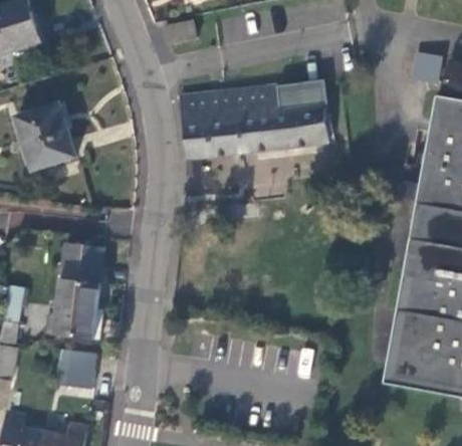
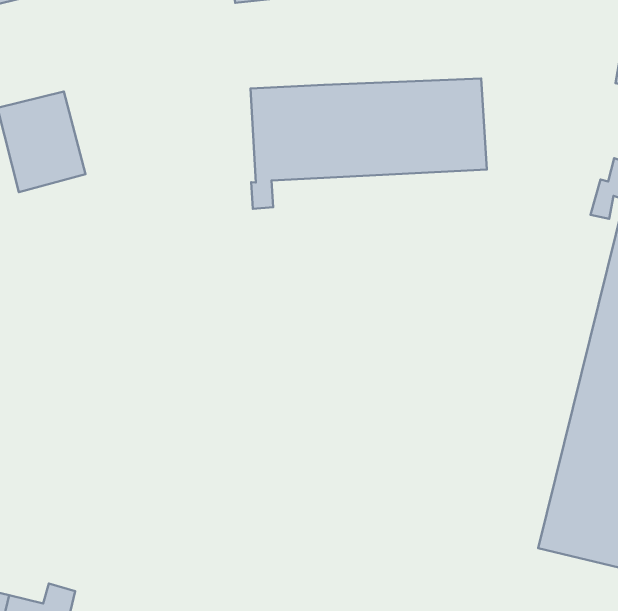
building: [54,243,103,338] -> none
building: [66,350,94,388] -> none

